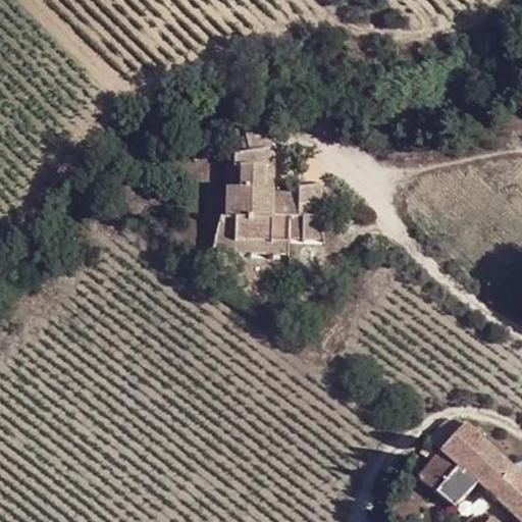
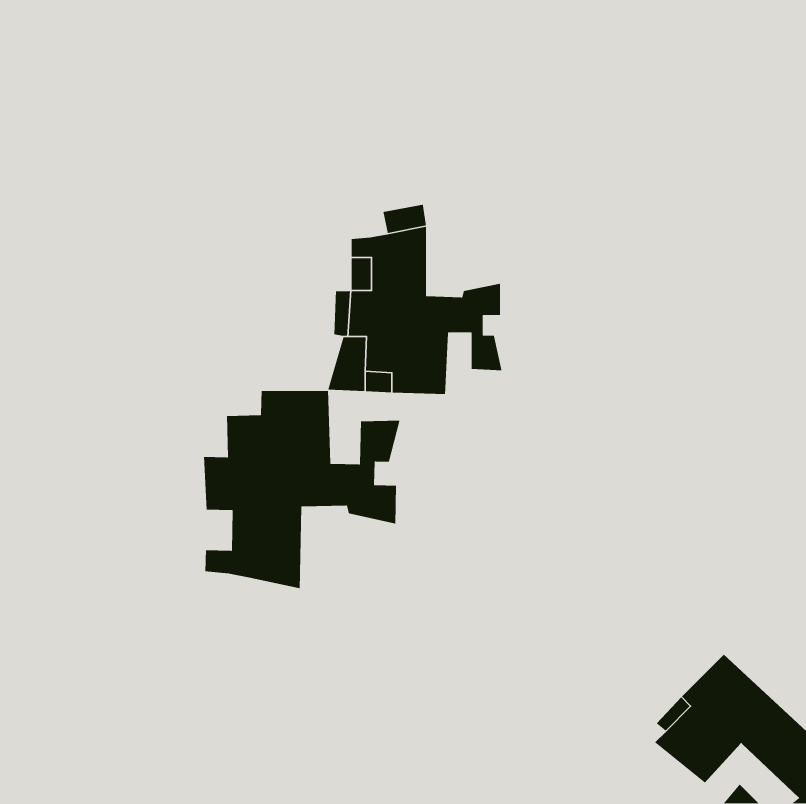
building: none -> [203,390,400,589]

